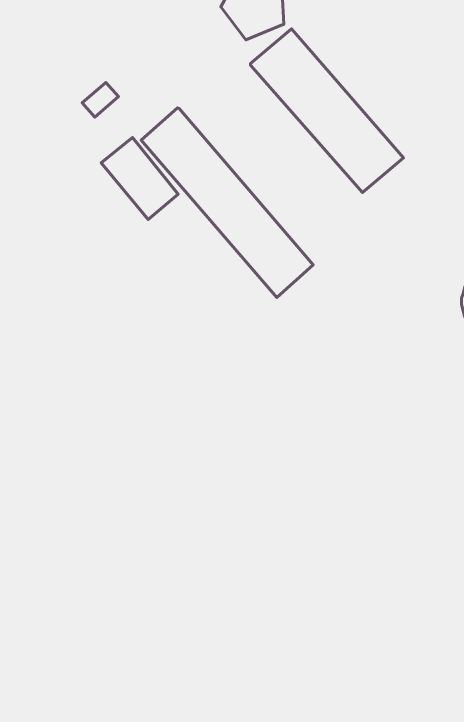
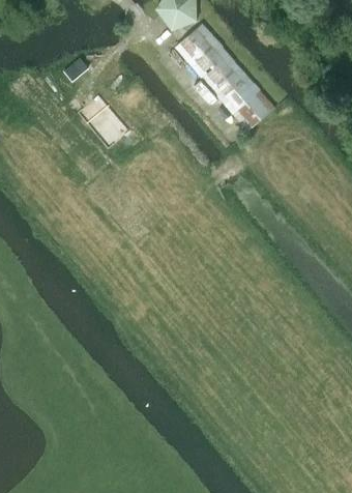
building: [141,108,313,297] -> none

